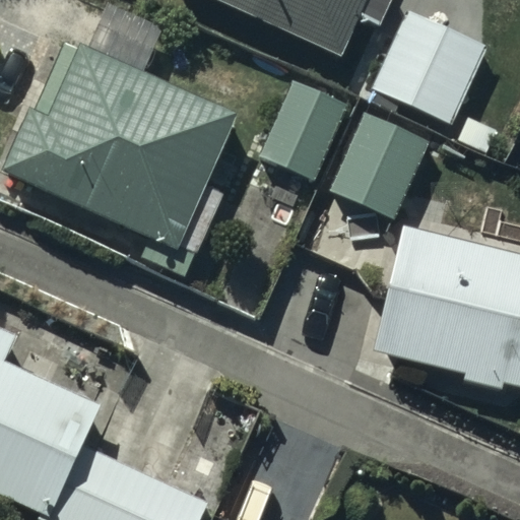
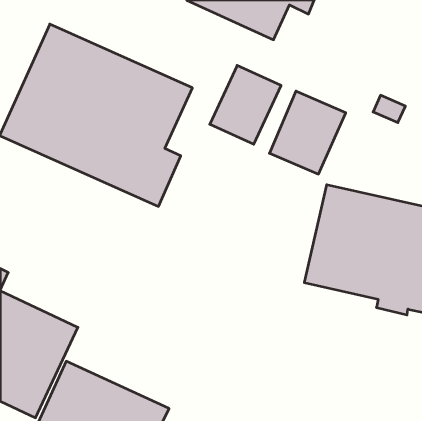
building: [371,12,482,124] -> none

